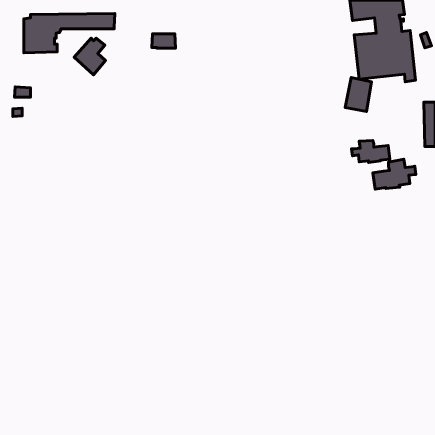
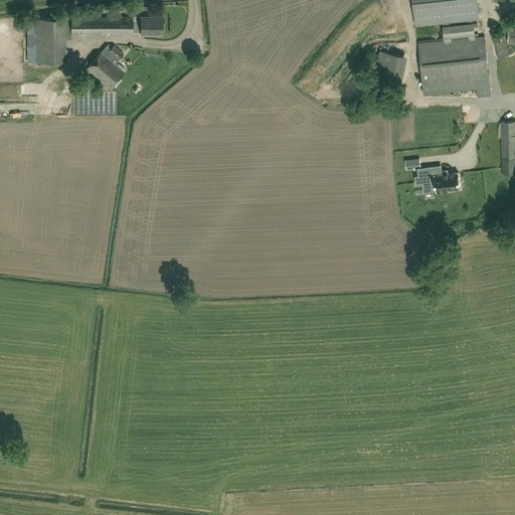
building: [152,34,176,48] -> [135,16,163,33]
building: [345,78,372,112] -> [373,49,404,90]
building: [373,159,416,189] -> none

